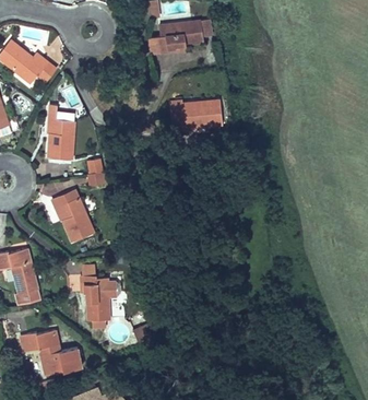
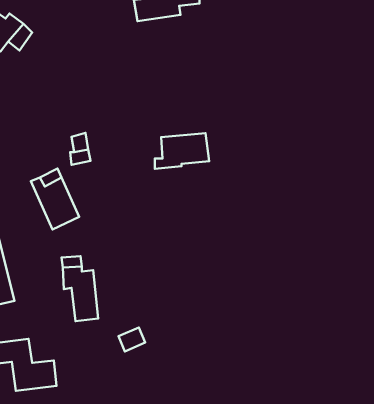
building: [178,93,225,123] -> [155,133,209,169]
building: [48,109,76,155] -> none

